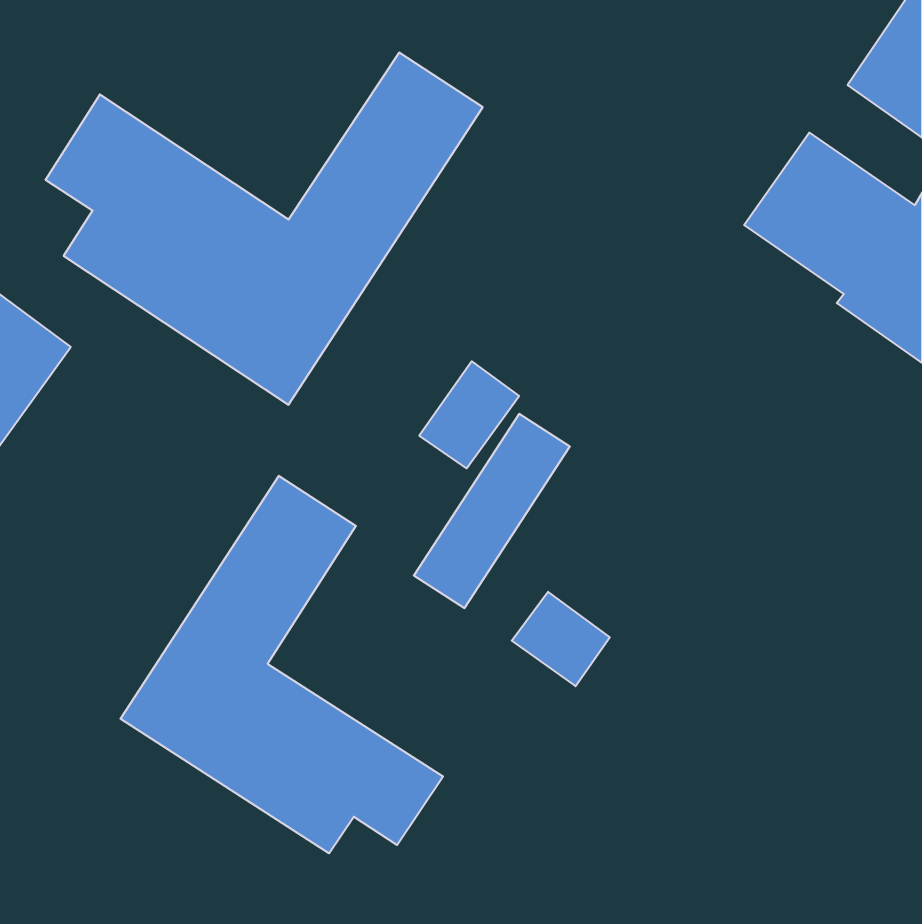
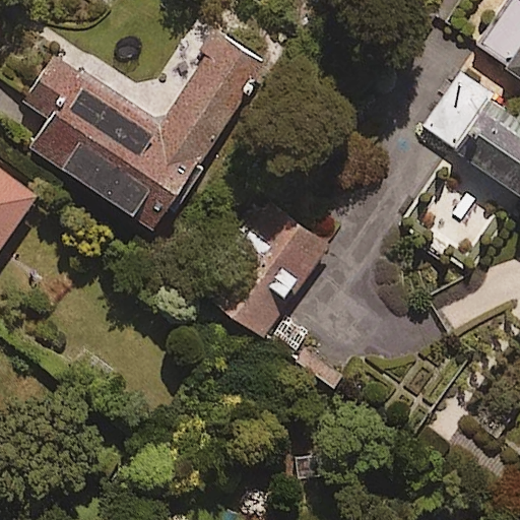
building: [121,476,443,853] -> none

